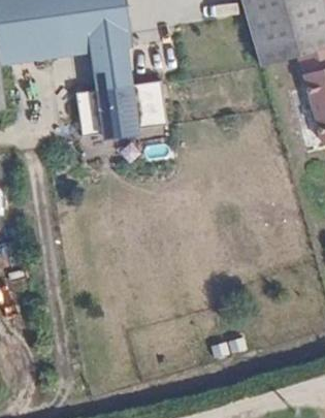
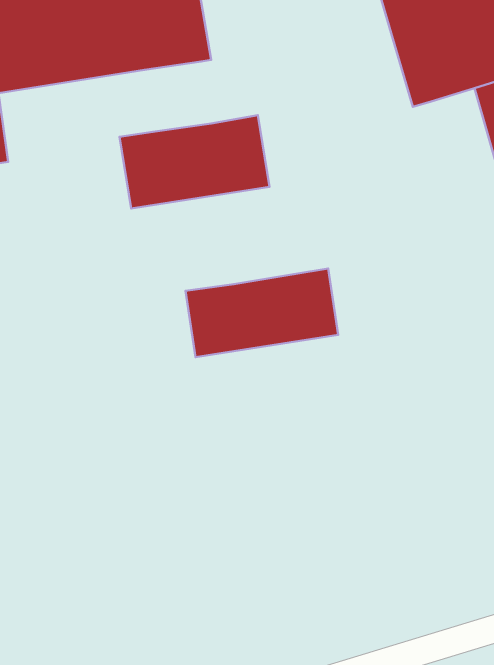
building: [93,41,134,85] -> none
building: none -> [185,268,338,357]

